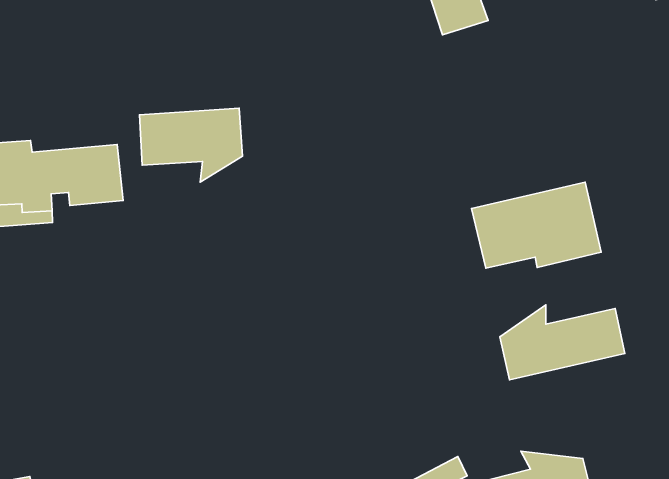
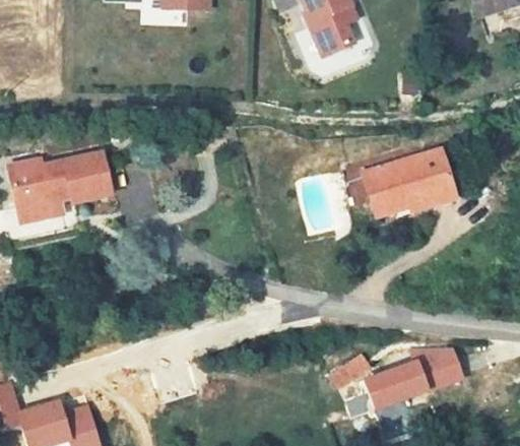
building: [140,108,242,182] -> none
building: [500,305,625,380] -> none

